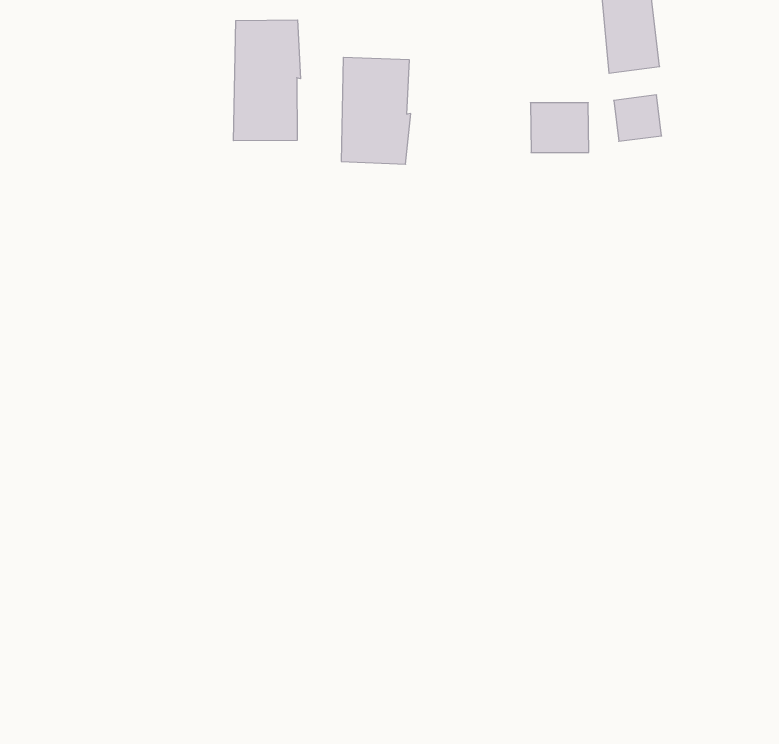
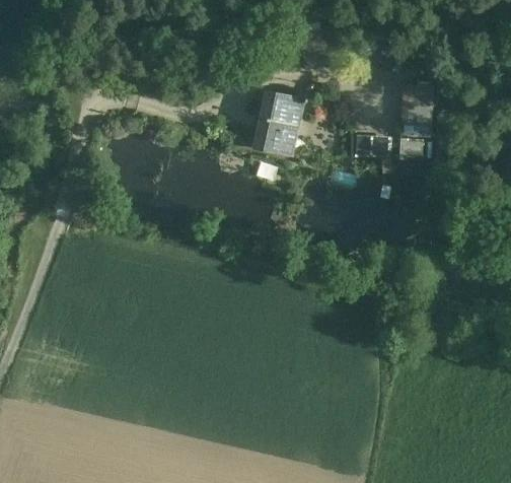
building: [233,20,300,141] -> none

